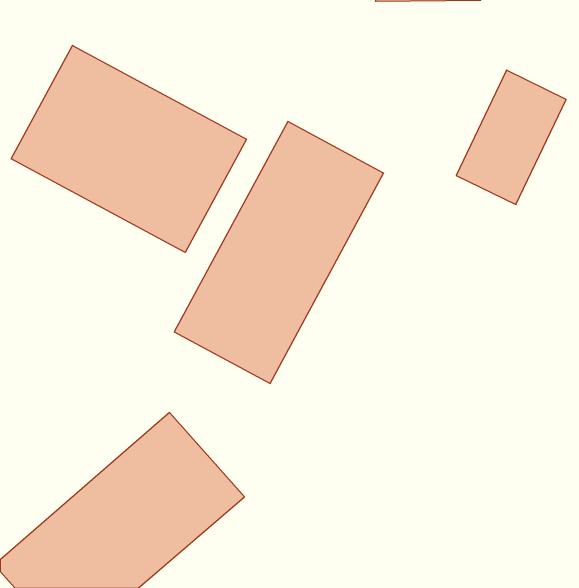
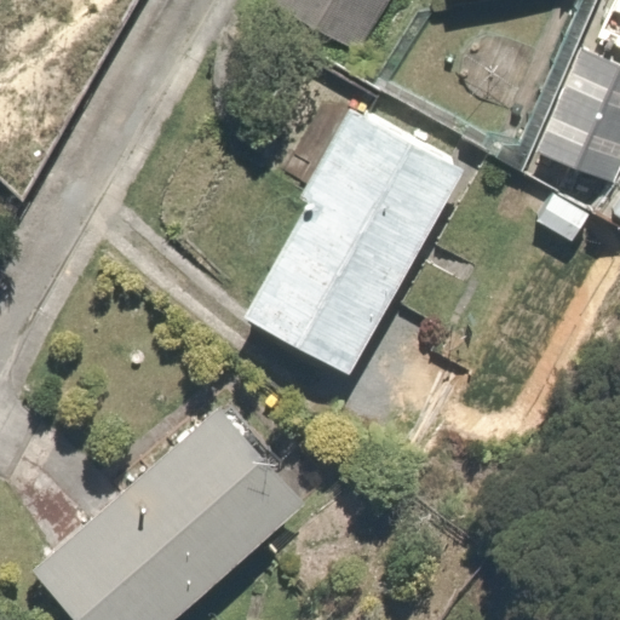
building: [11,45,246,252] -> none

